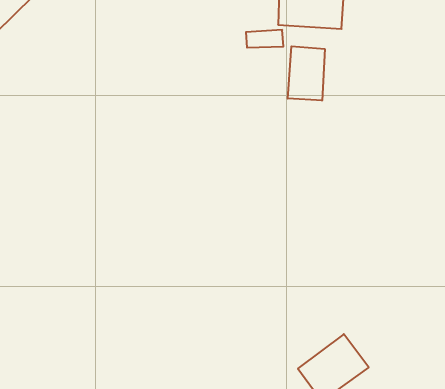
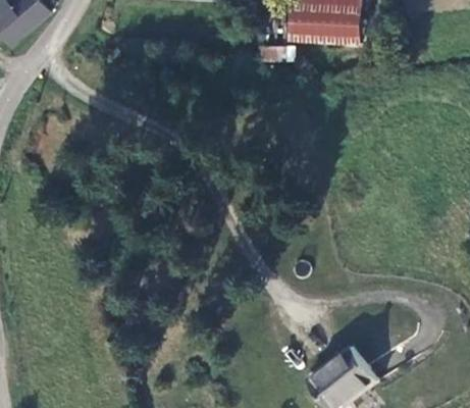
building: [288,46,325,101] -> none

